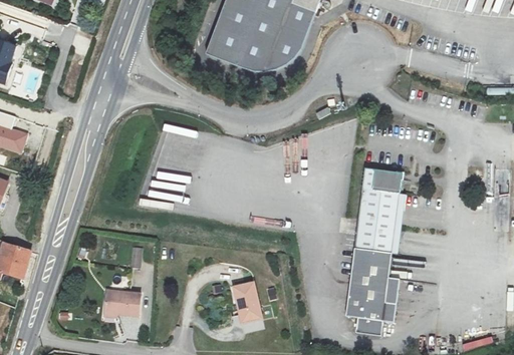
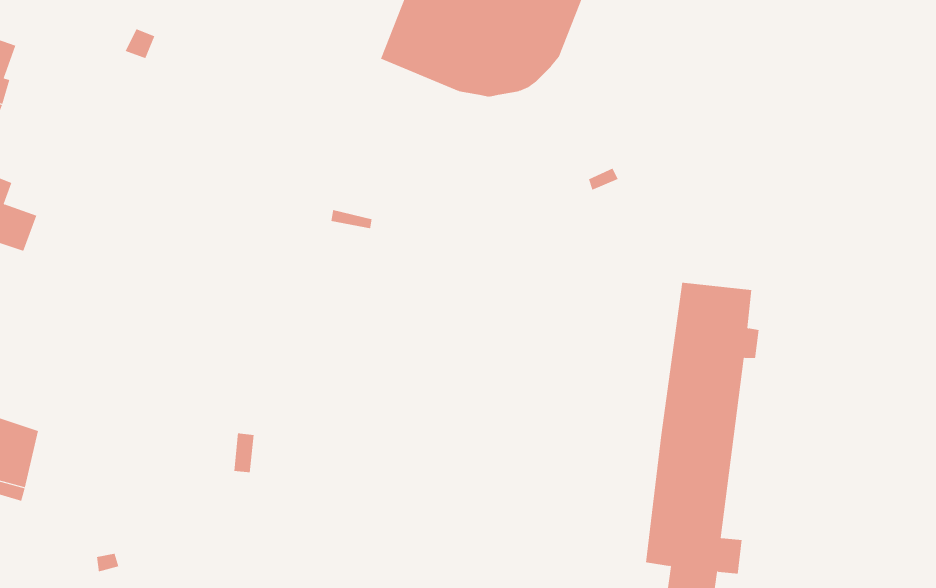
building: [233,280,261,322] -> none
building: [102,289,141,318] -> none

